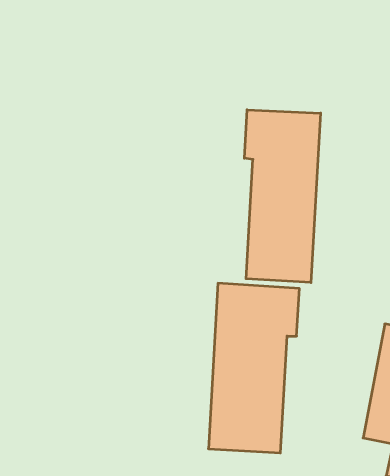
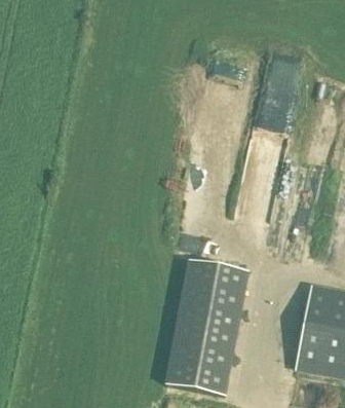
building: [244,110,321,283] -> none

